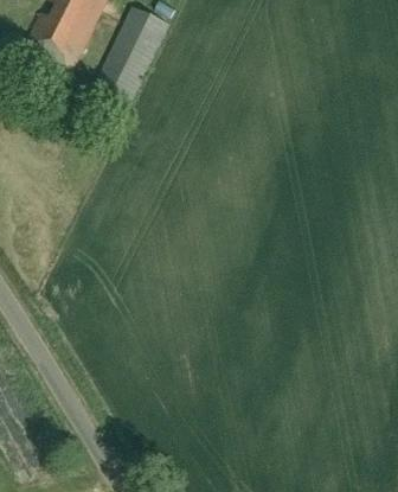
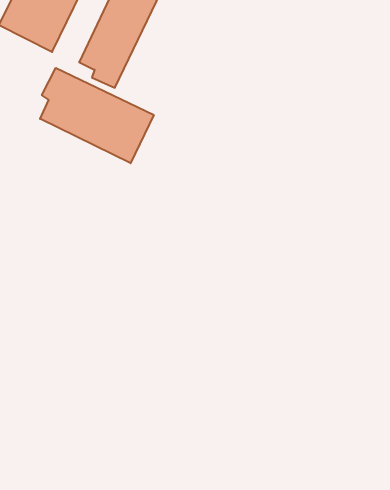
building: none -> [40,68,154,163]

